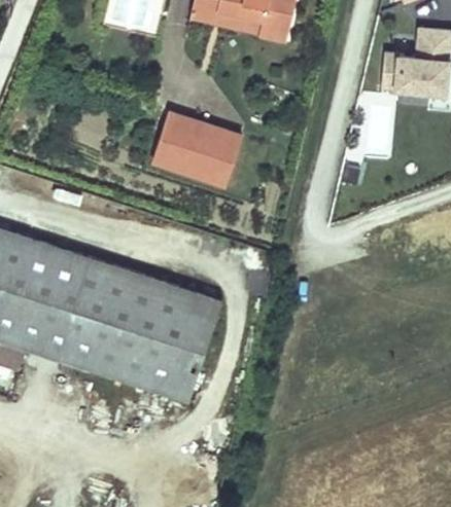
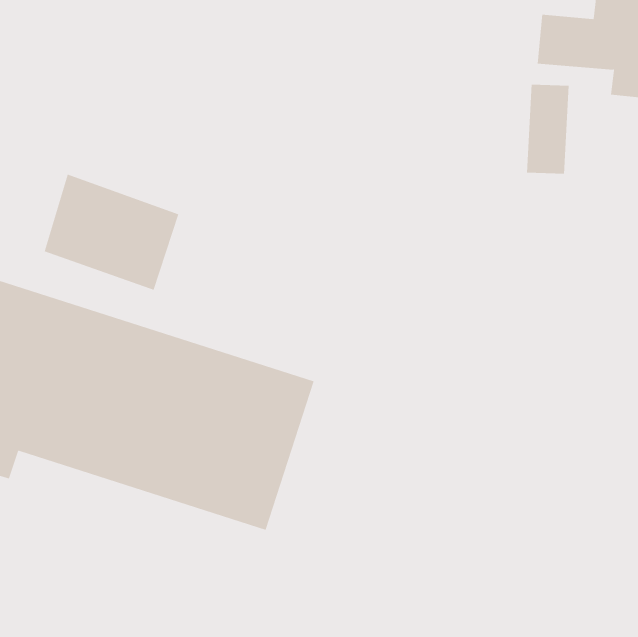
building: [154,112,244,189] -> [44,174,179,290]

